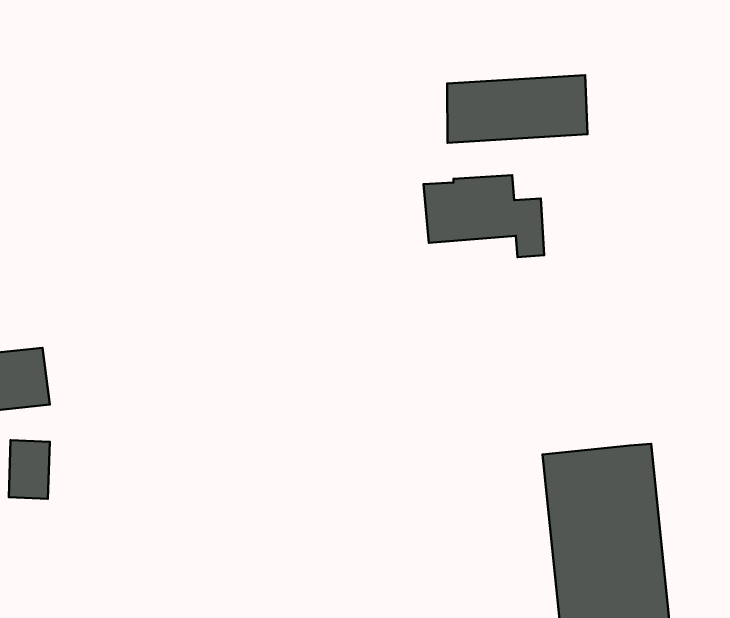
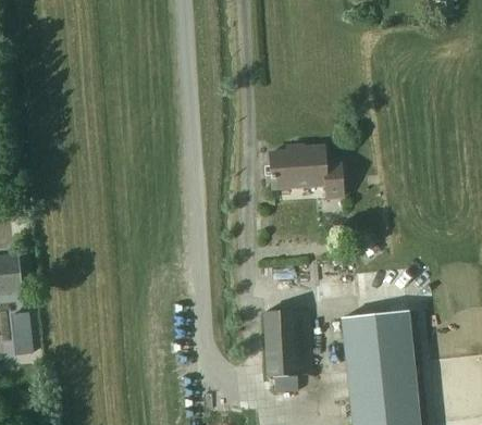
building: [447,75,588,143] -> none
building: none -> [263,310,310,391]

